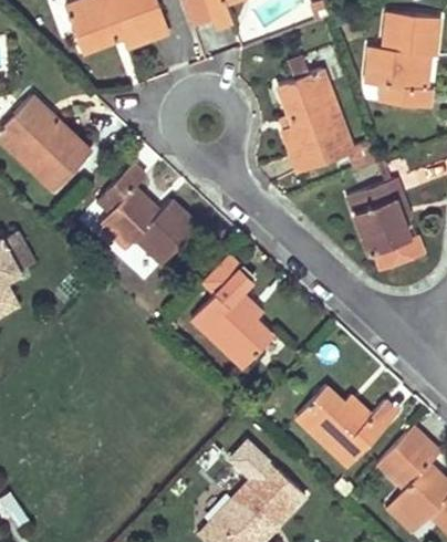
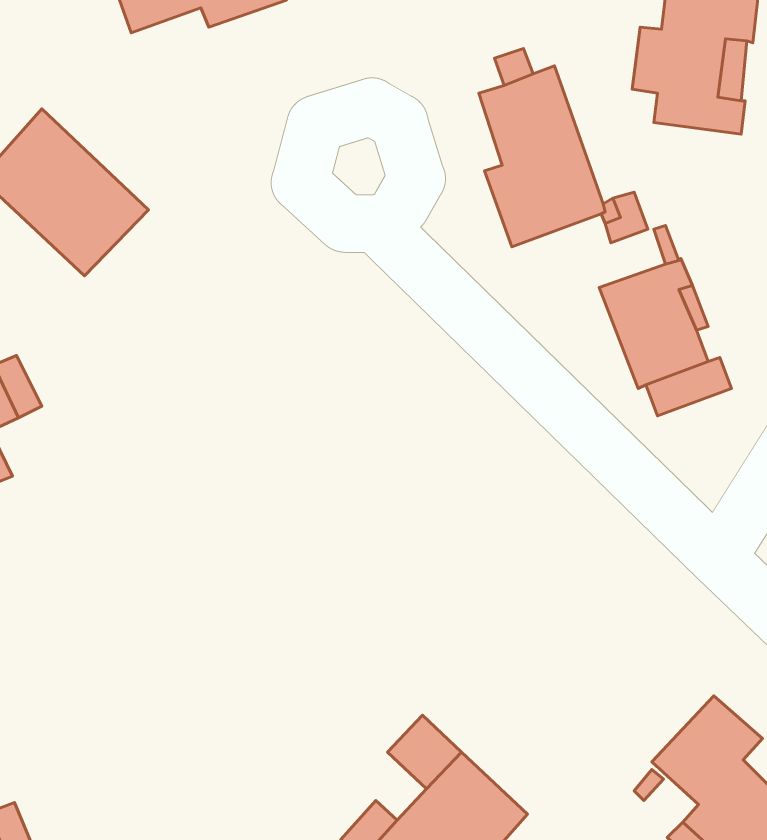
building: [96,165,197,263] -> none
building: [191,256,272,368] -> none
building: [297,387,398,466] -> none

